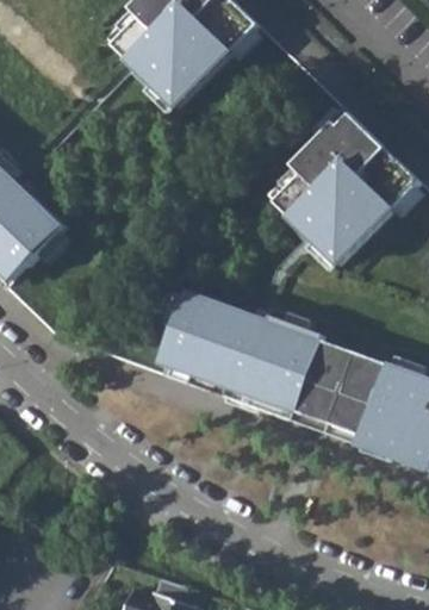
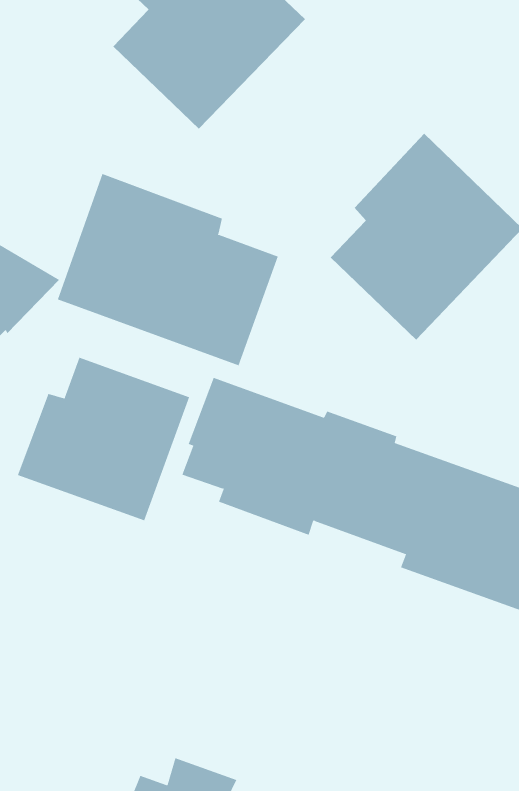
building: none -> [57,173,278,366]
building: none -> [17,357,190,521]

